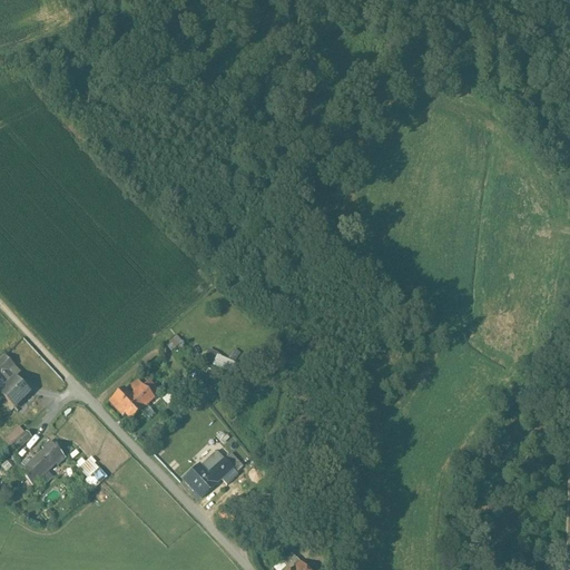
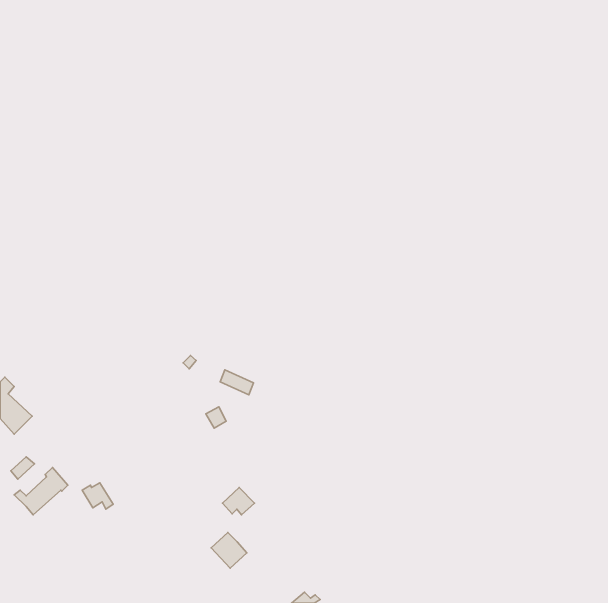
building: [108,384,153,419] -> none
building: [184,462,217,495] -> [211,532,247,568]

